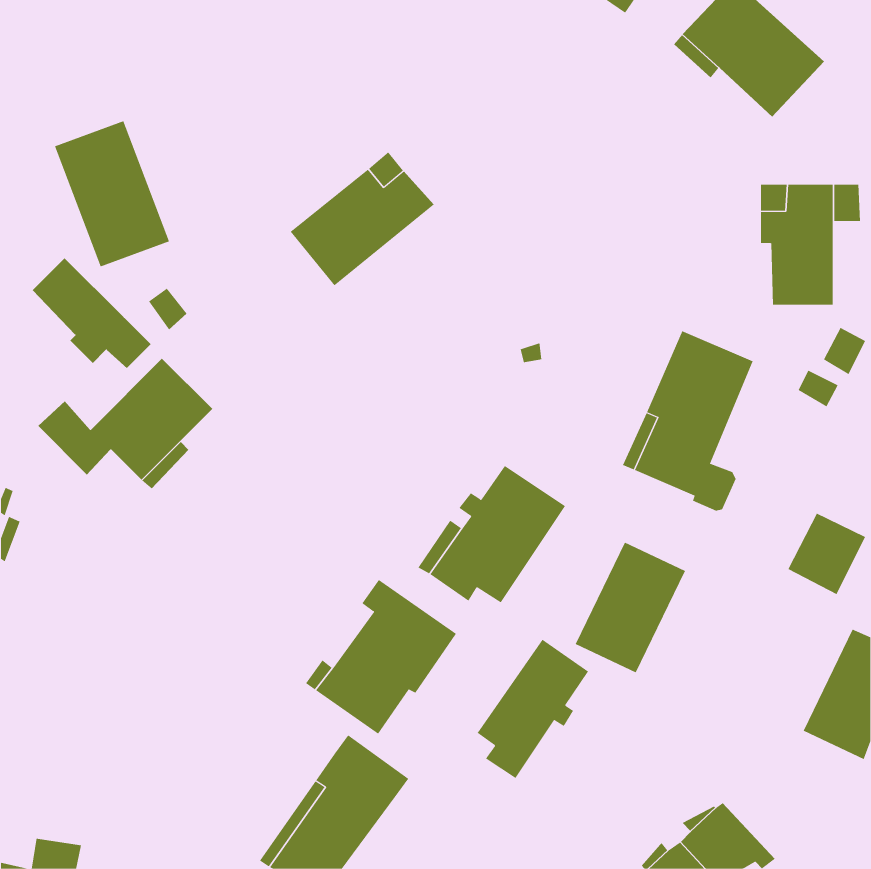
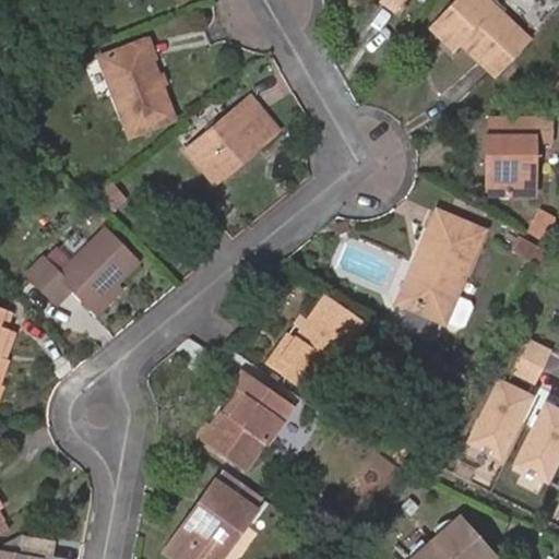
building: [54,120,170,267] -> [99,41,174,135]
building: [32,257,151,369] -> none
building: [575,542,686,673] -> [465,377,536,461]
building: [477,639,589,779] -> none

